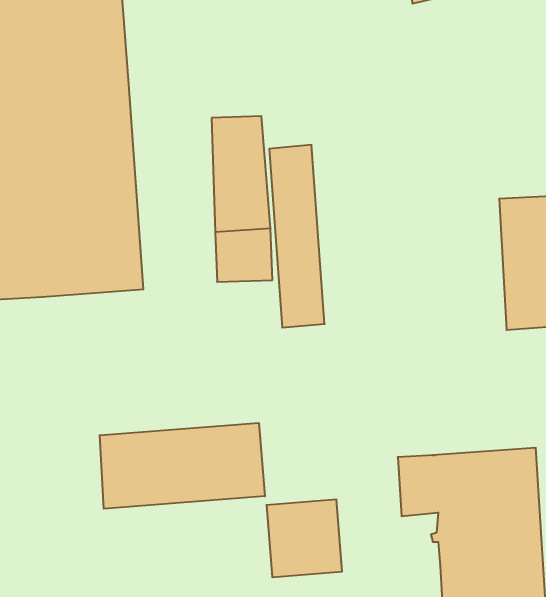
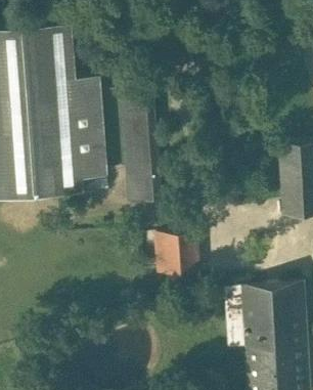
building: [269,145,325,328] -> [75,79,105,180]
building: [100,423,265,509] -> none
building: [266,500,342,577] -> [155,233,197,276]

